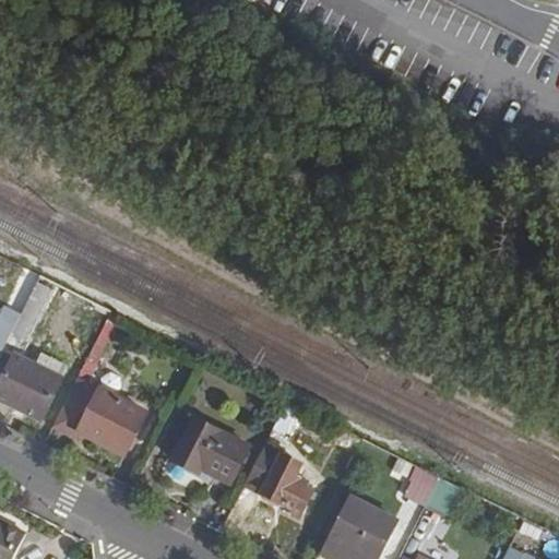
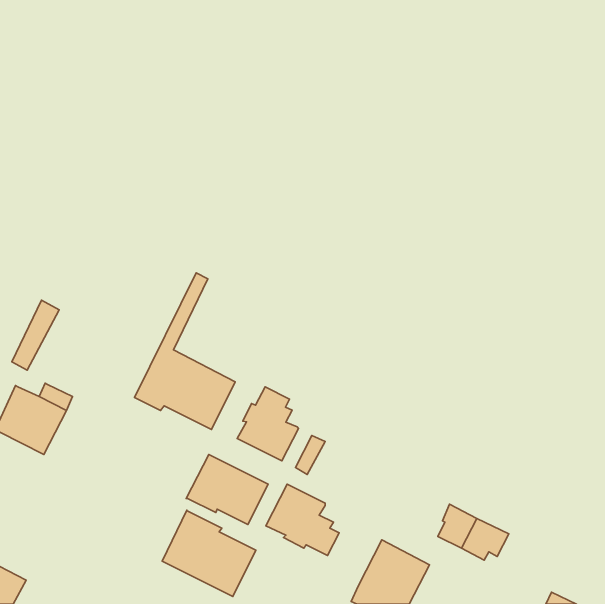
building: [52,311,145,455] -> [134,273,235,429]
building: none -> [237,387,299,461]
building: none -> [162,510,256,596]

